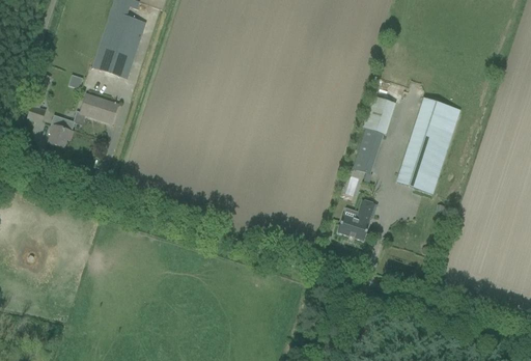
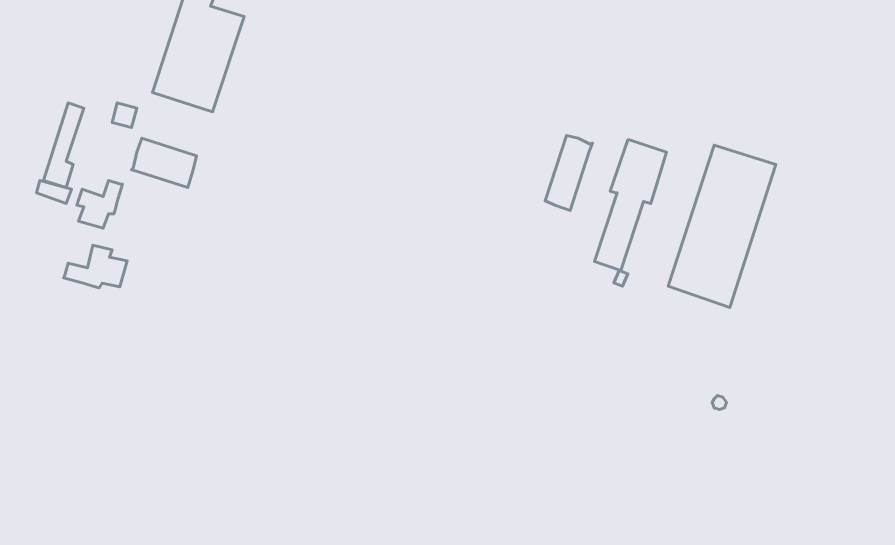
building: none -> [545,135,592,210]
building: none -> [64,245,127,288]
building: [338,199,376,240] -> none

